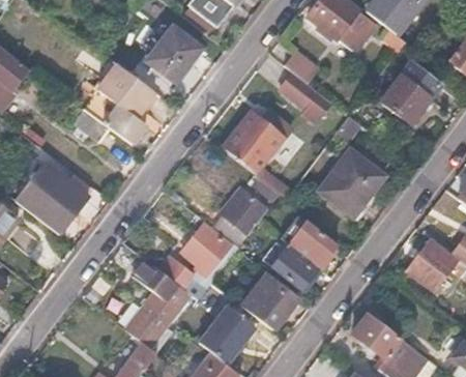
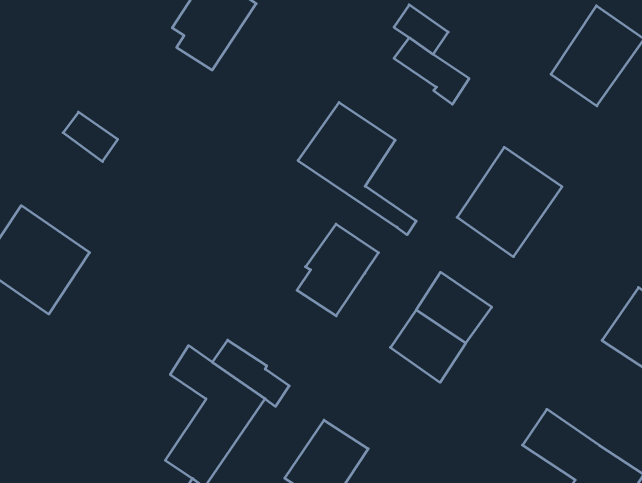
building: [97,63,155,142] -> none
building: [183,224,231,274] -> none
building: [237,268,299,330] -> none

